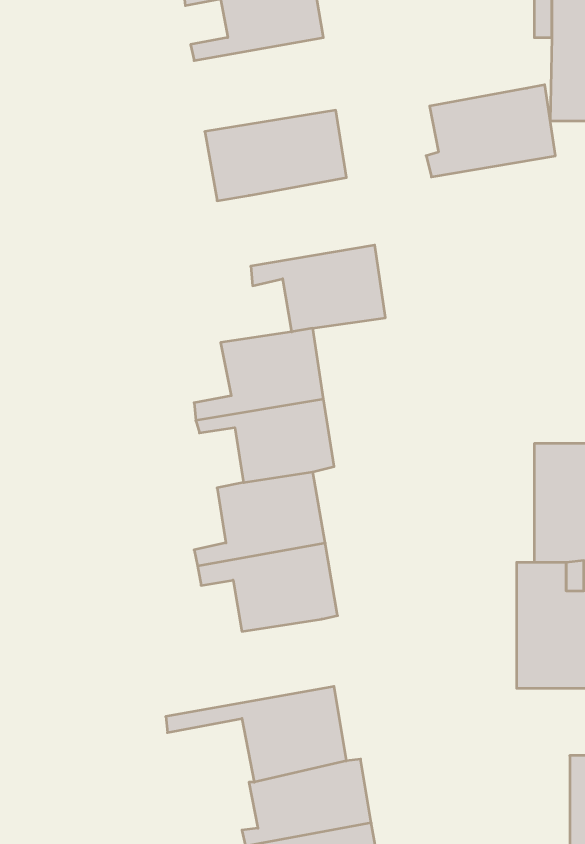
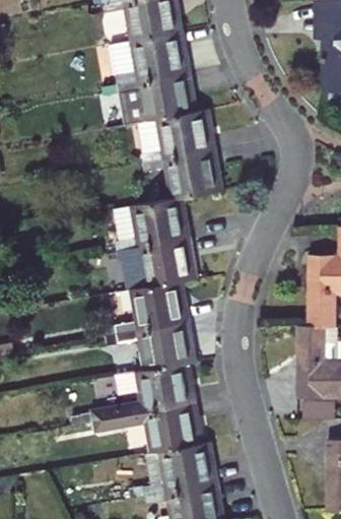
building: none -> [112,29,193,83]
building: [426,85,555,177] -> [141,108,215,160]
building: none -> [92,363,192,418]

